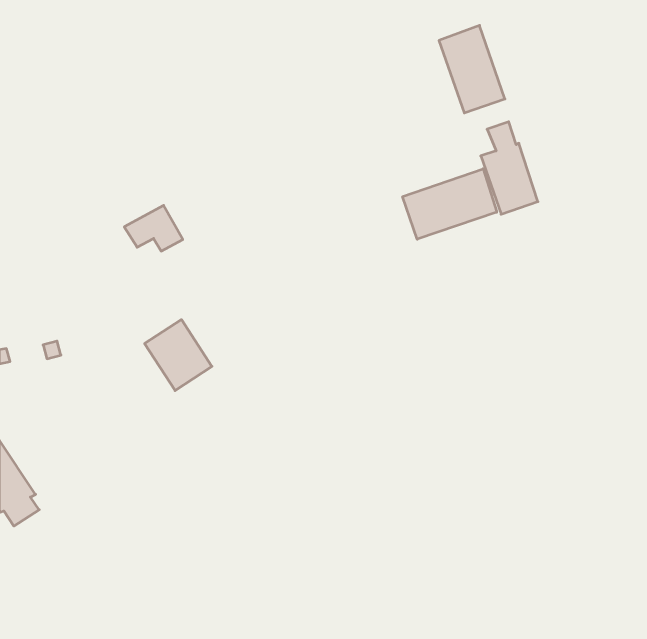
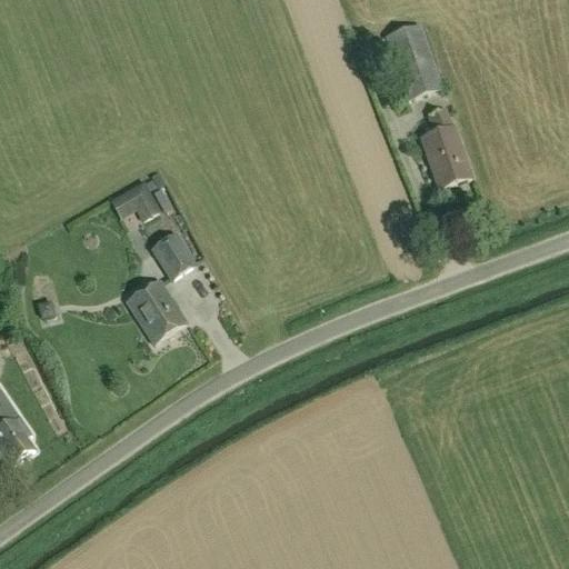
building: [403,169,497,239] -> none
building: none -> [152,233,194,278]

